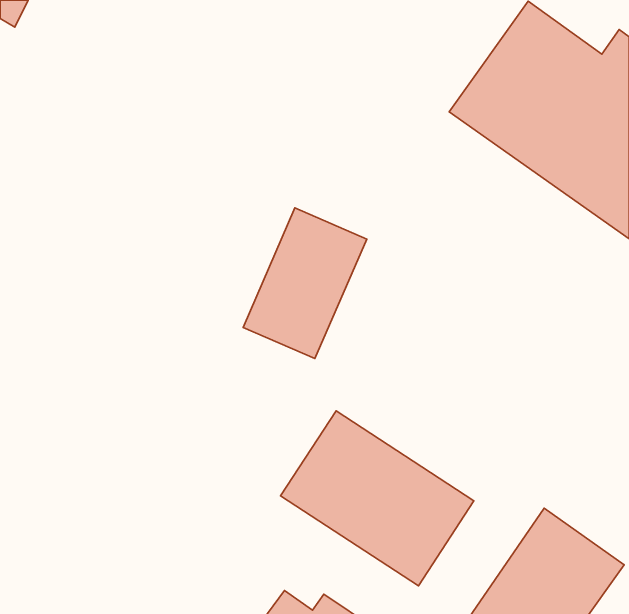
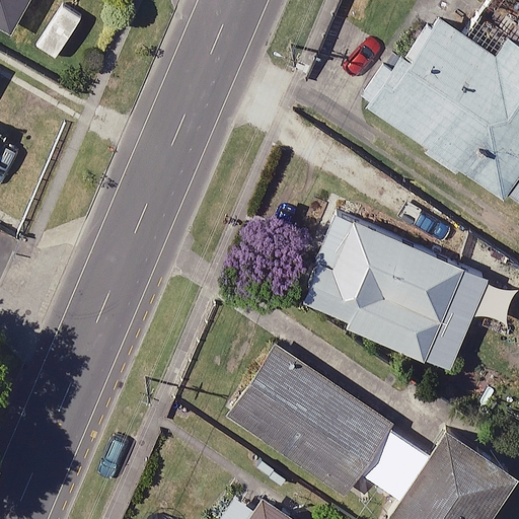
building: [243,208,367,358] -> none
building: none -> [299,214,490,370]

